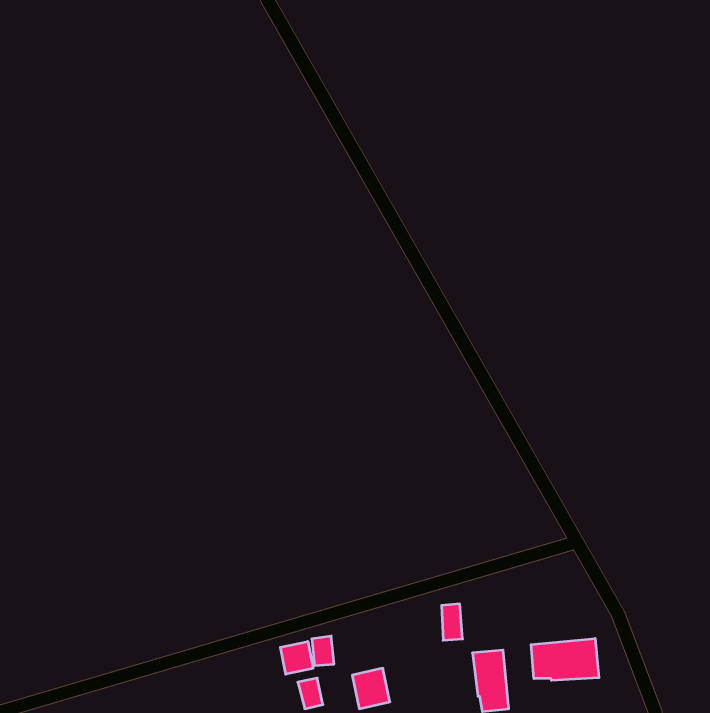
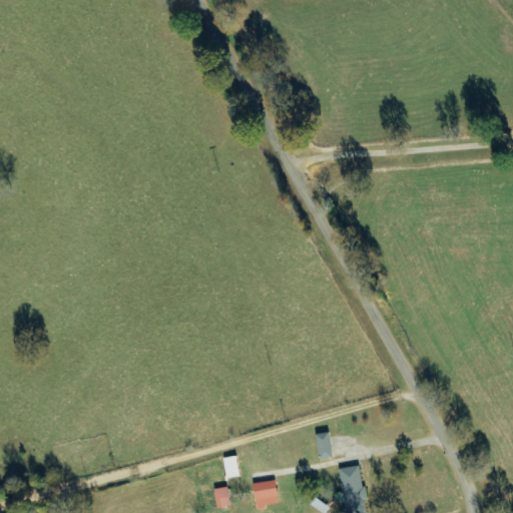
building: [531,638,599,680] -> none
building: [280,641,313,674] -> none

